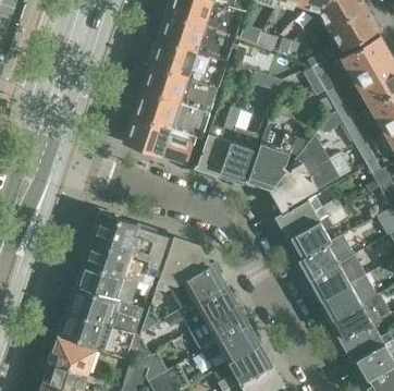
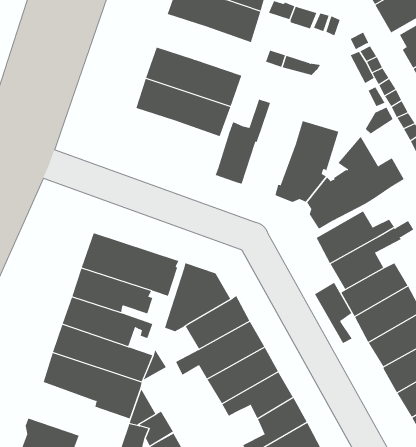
building: [150,38,226,87] -> none
building: [219,109,259,182] -> none
building: [124,113,201,167] -> none
building: none -> [314,282,352,344]
building: [48,338,97,375] -> none

